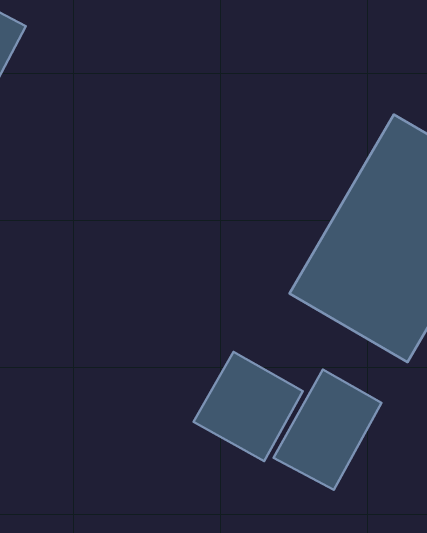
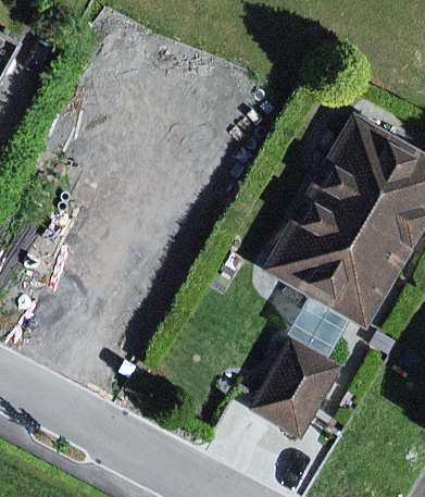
building: [193,352,303,461] -> none

